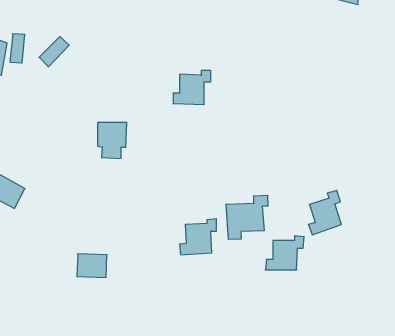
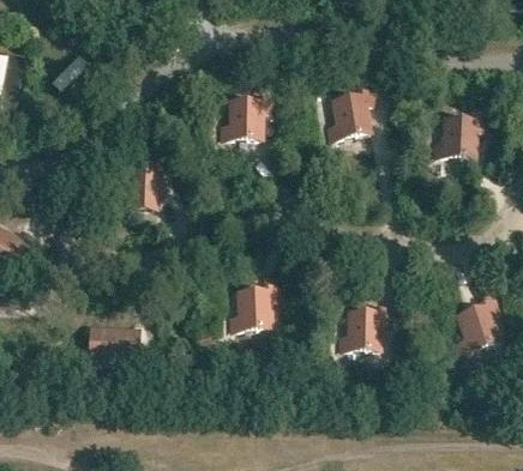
building: none -> [329,89,373,139]
building: none -> [434,114,485,157]
building: [308,190,341,235] -> [457,297,499,354]
building: [226,195,268,239] -> none

